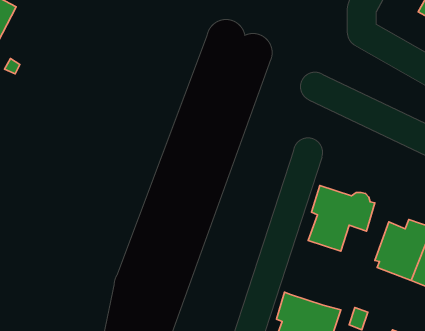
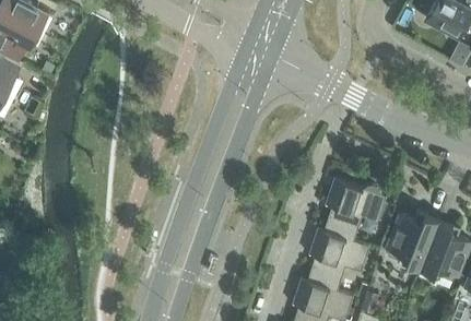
building: none -> [306,230,369,293]

